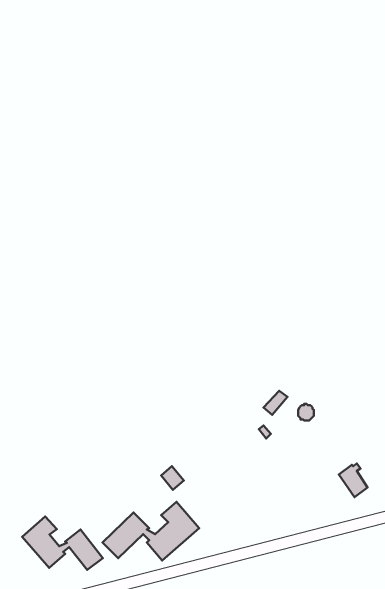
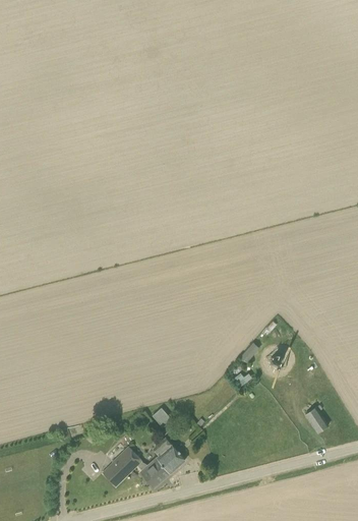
building: [22,516,103,570] -> none

